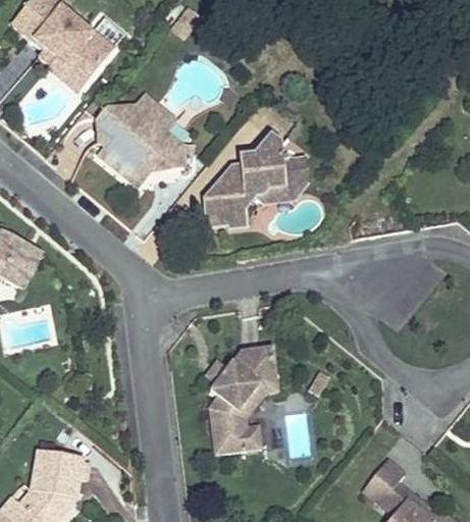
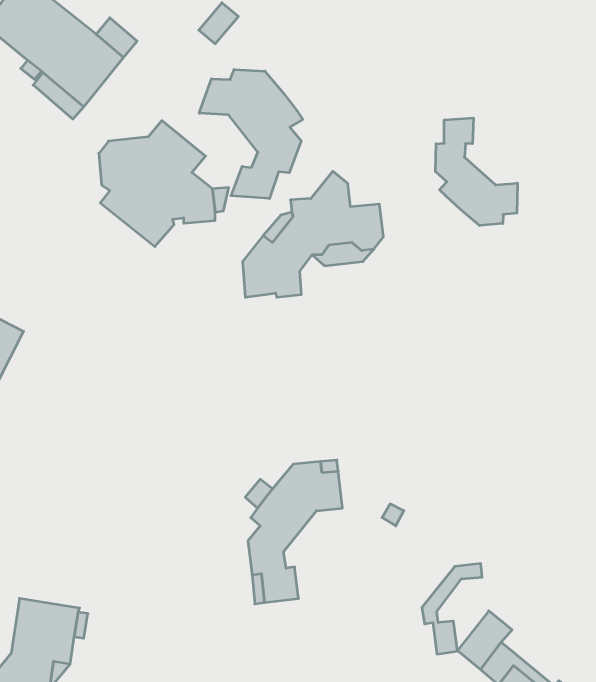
building: none -> [199,69,303,199]
building: none -> [435,118,517,226]
building: [234,382,279,450] -> [422,564,482,654]

